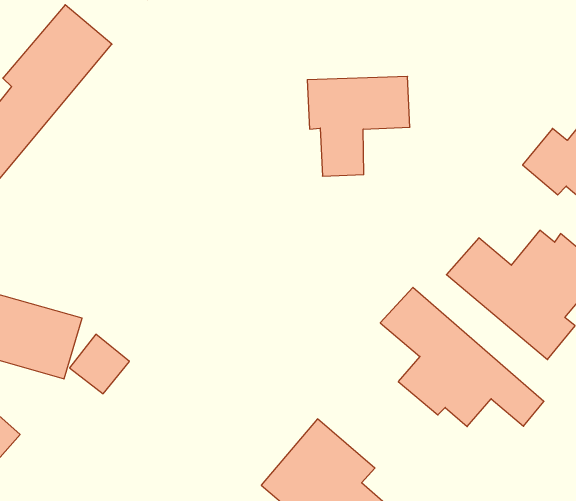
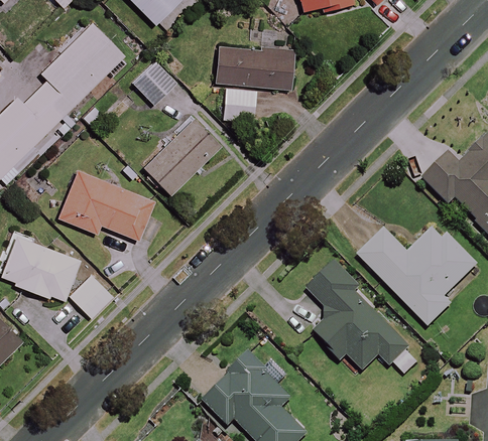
building: none -> [132,61,175,105]
building: [307,76,410,176] -> [216,46,293,122]
building: none -> [144,120,220,195]
building: none -> [56,169,154,241]

